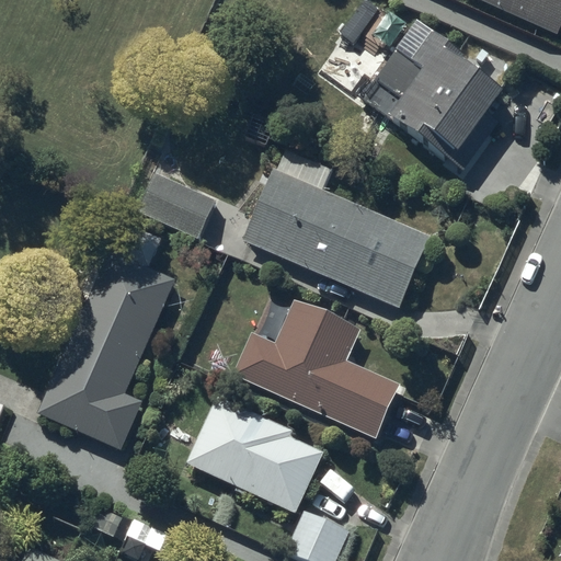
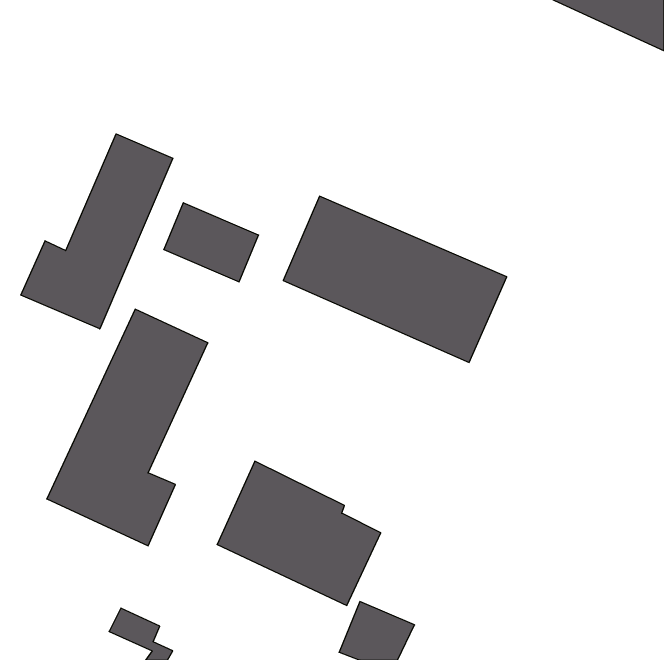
building: [375,24,504,172] -> none
building: none -> [21,134,173,329]
building: [233,297,404,438] -> none

